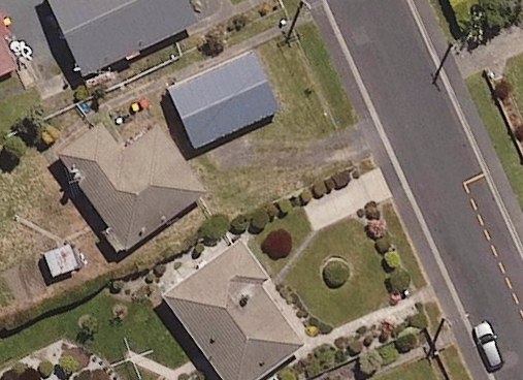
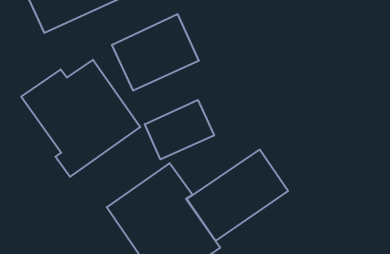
building: none -> [145,100,214,159]
building: none -> [187,150,288,241]

